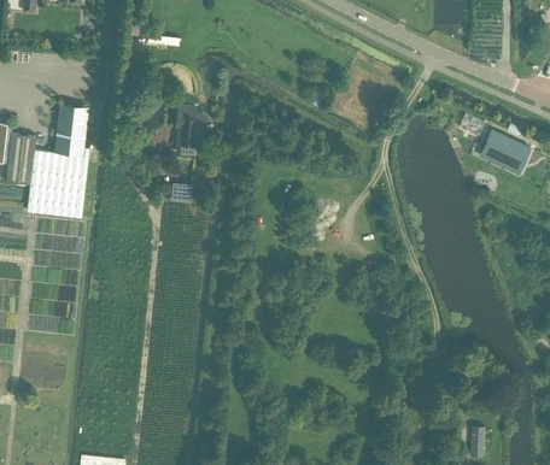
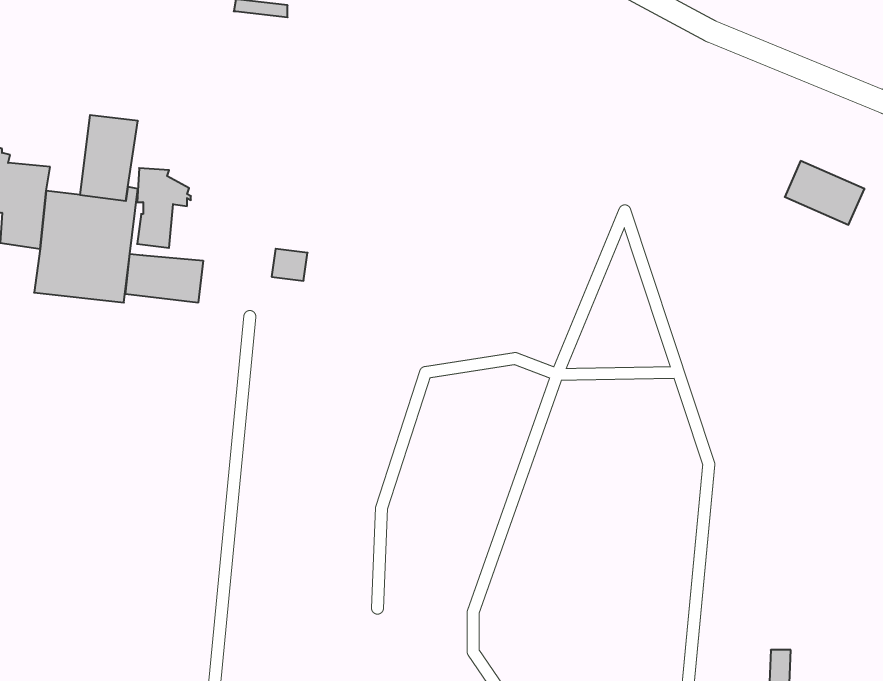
building: [176,106,209,154] -> [137,168,191,248]
building: none -> [125,254,203,303]

